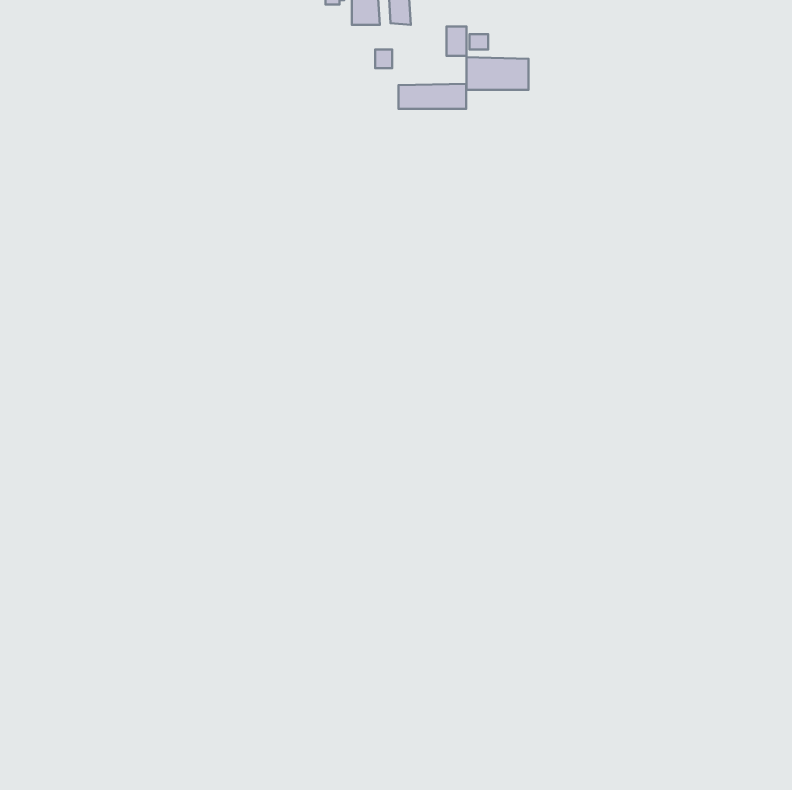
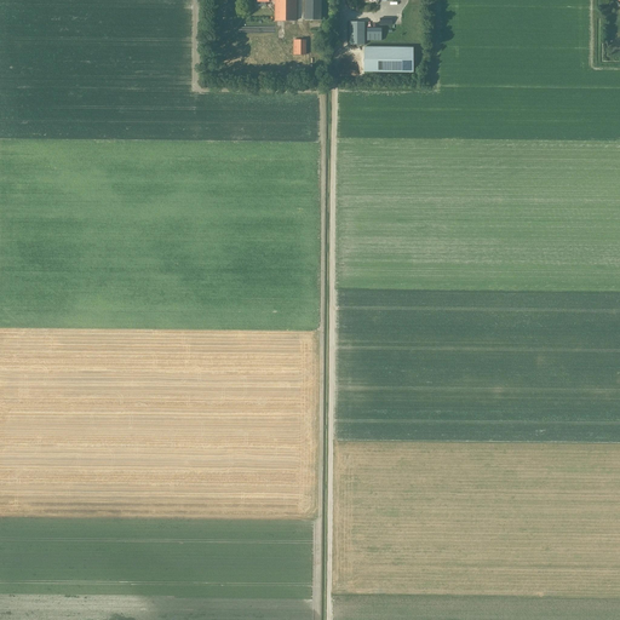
building: [398,84,466,109] -> none

